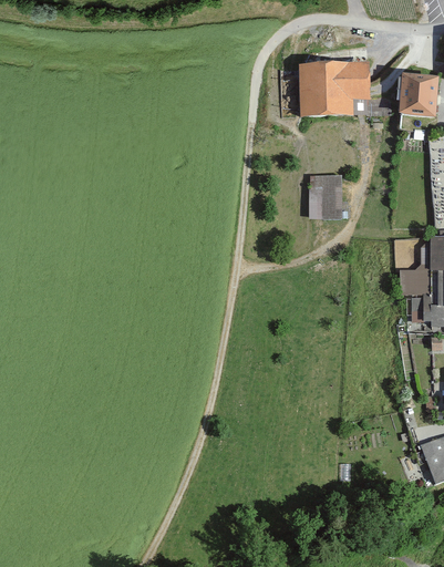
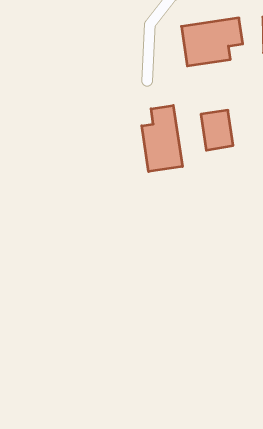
building: none -> [142,105,182,172]

